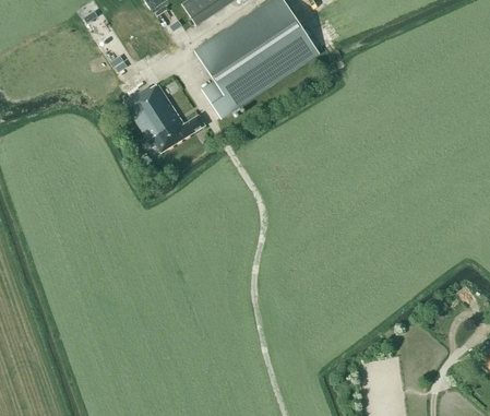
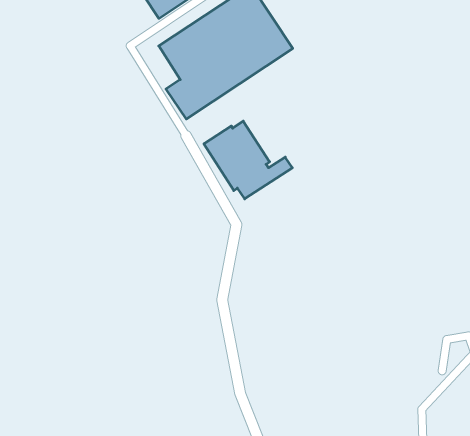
building: [123,81,204,152] -> [204,121,292,199]

